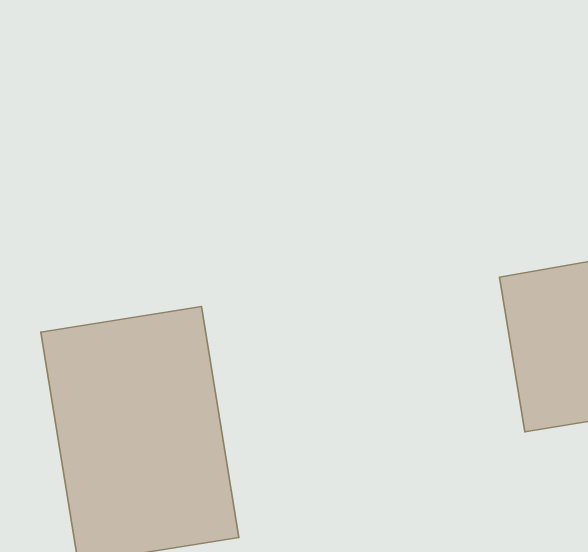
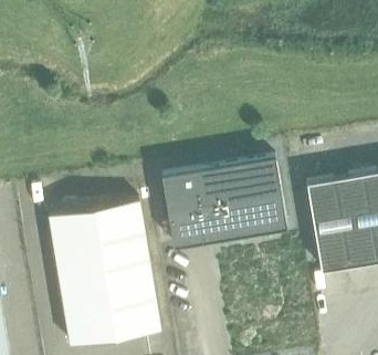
building: none -> [162,158,287,248]

